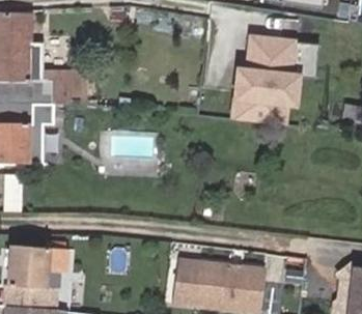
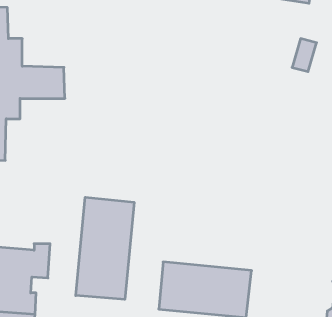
building: [231,33,301,123] -> none
building: none -> [76,197,134,299]

